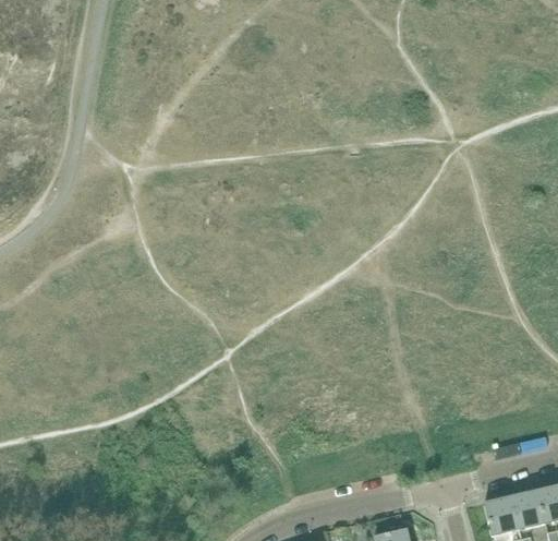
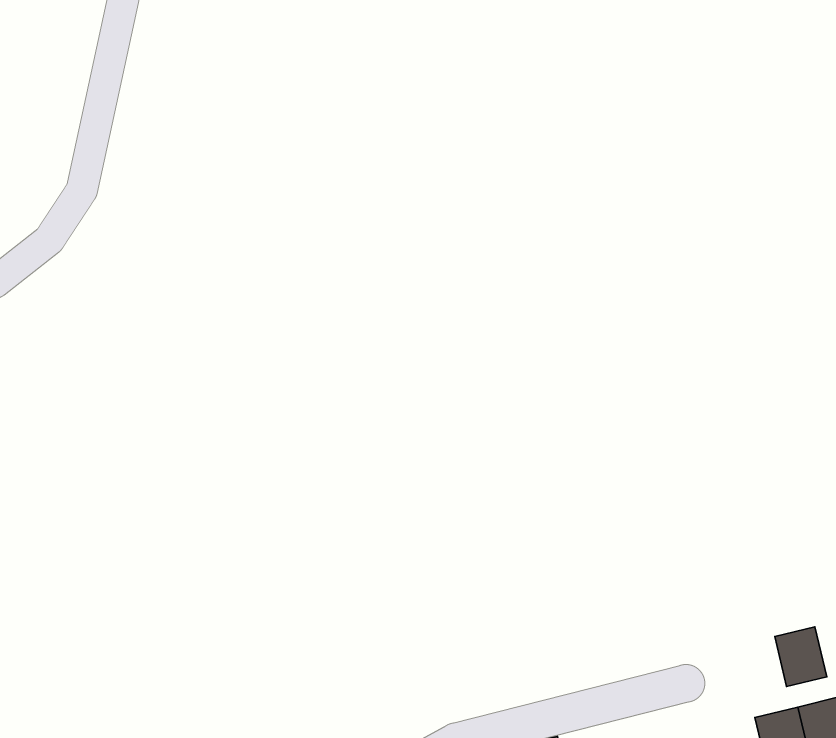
building: none -> [775,627,827,686]

